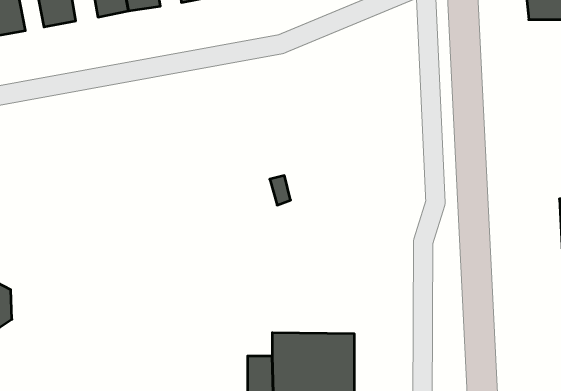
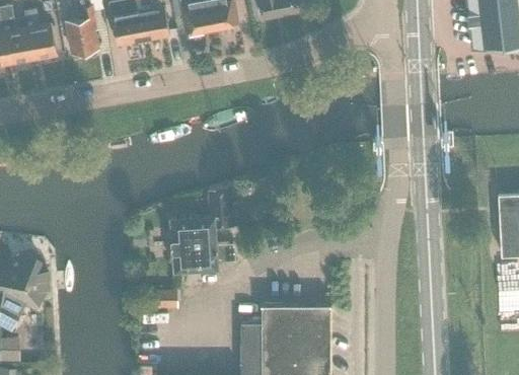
building: none -> [170,184,234,272]

